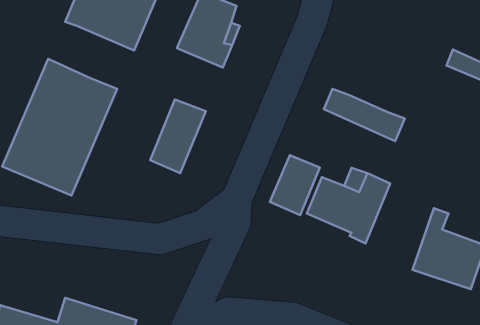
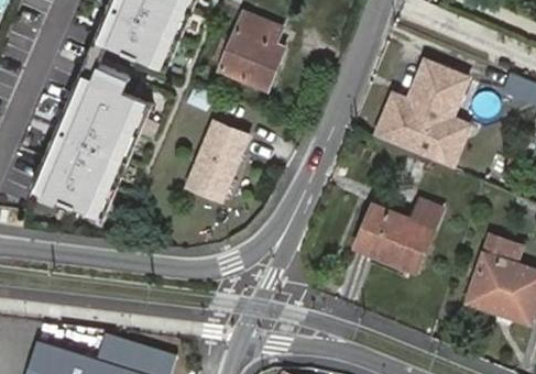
building: none -> [86,44,136,102]
building: none -> [397,62,461,138]
building: [270,155,320,215] -> none

